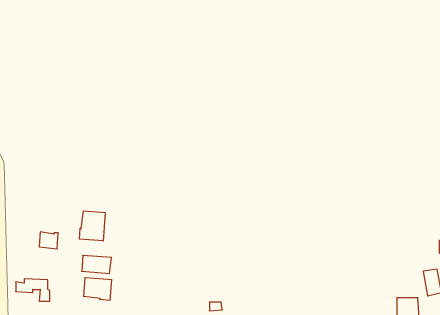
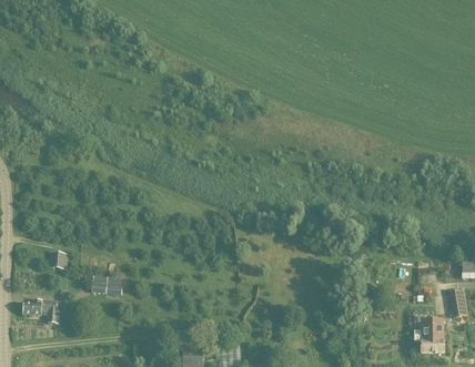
building: [79,211,105,241] -> none
building: [84,278,111,300] -> none

